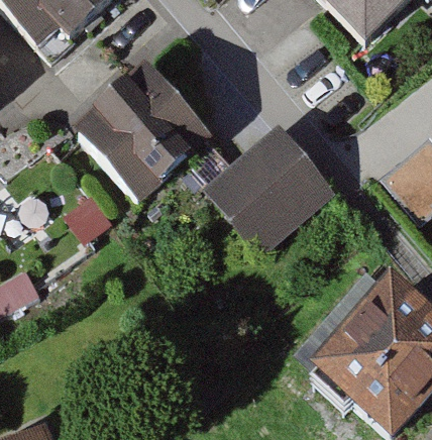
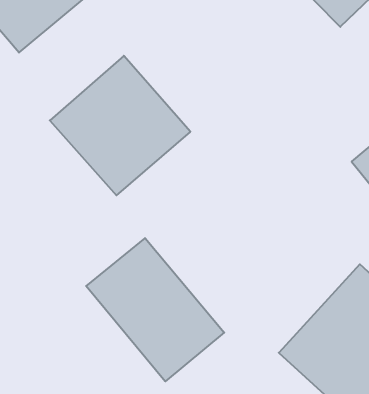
building: [203,130,325,251] -> none
building: none -> [86,238,224,381]

